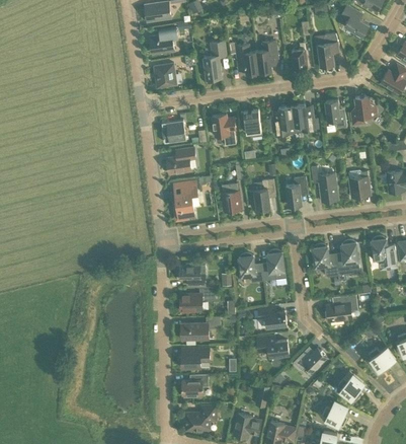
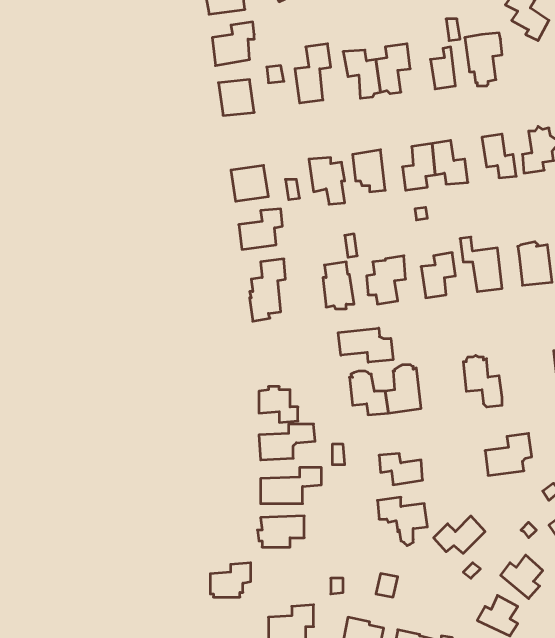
building: none -> [338,328,393,362]
building: [335,240,357,271] -> none
building: [181,374,208,396] -> [210,563,251,597]

